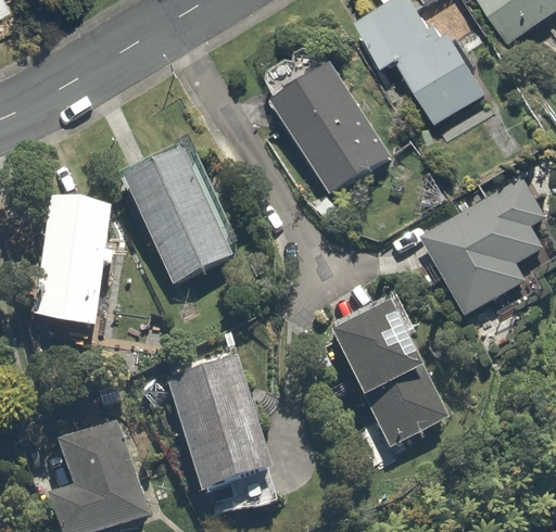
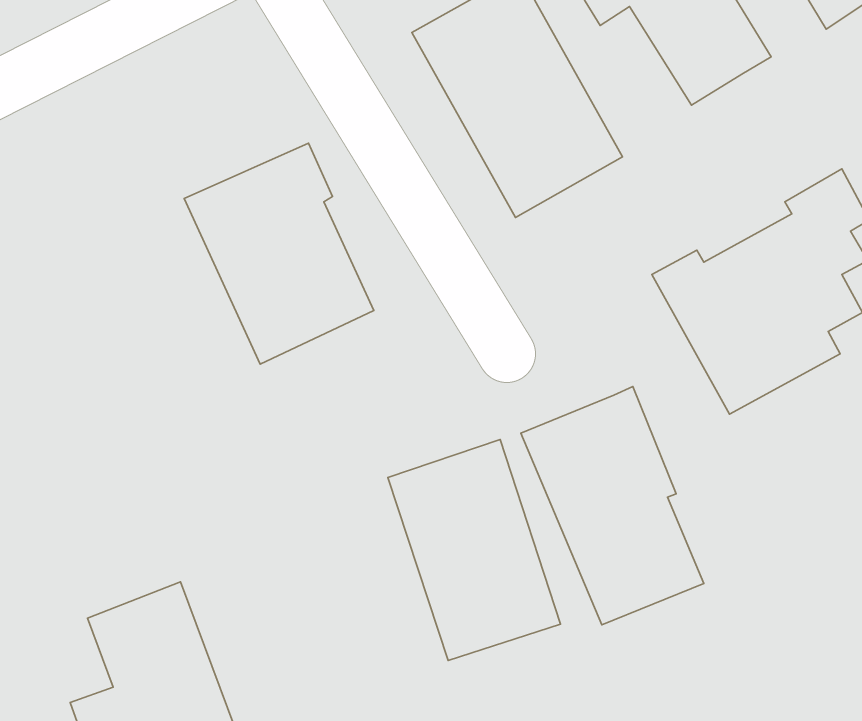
building: [28,199,113,329] -> none
building: [163,357,271,496] -> [388,439,561,661]

